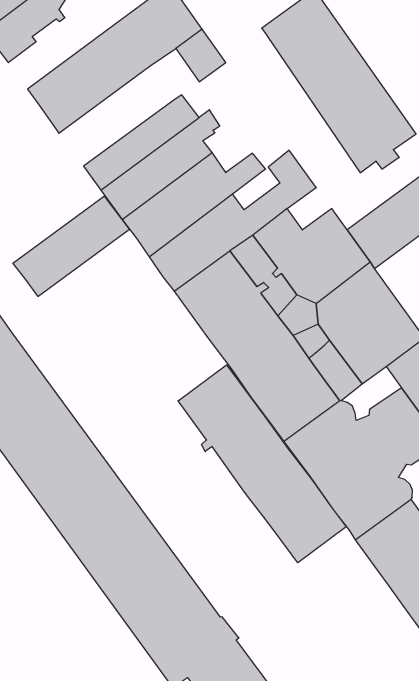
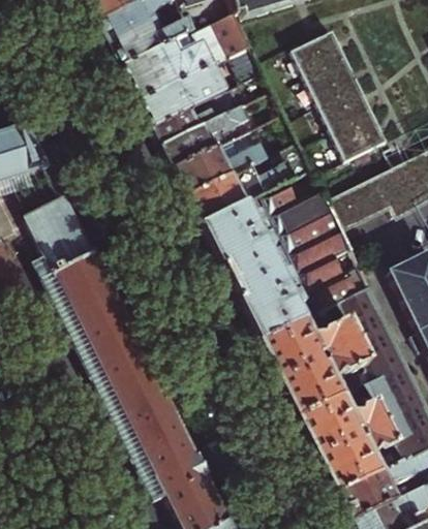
building: none -> [113,18,191,65]
building: [13,196,129,296] -> [140,63,224,125]
building: [178,365,346,563] -> none

